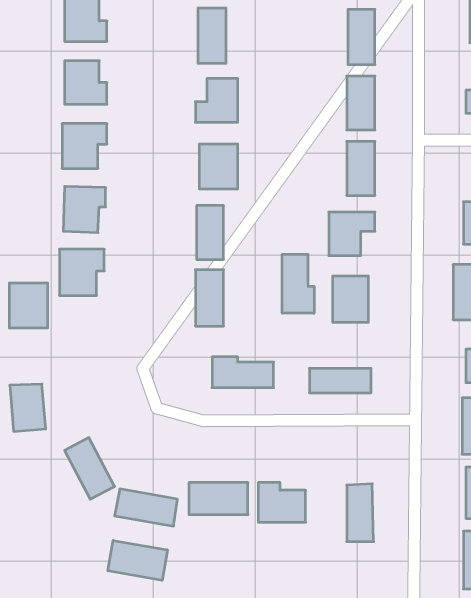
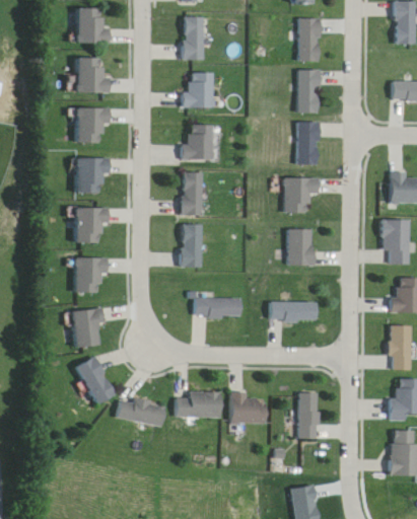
building: [282,254,314,313] -> none
building: [9,283,48,328] -> [72,256,102,292]
building: [10,384,46,431] -> [71,309,99,347]
building: [108,540,167,580] -> none

